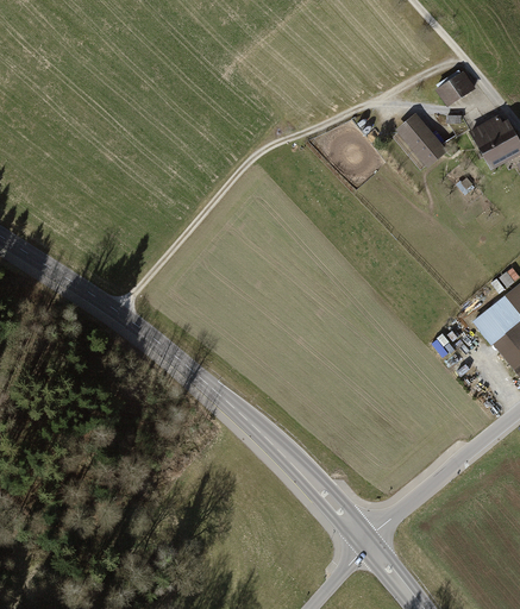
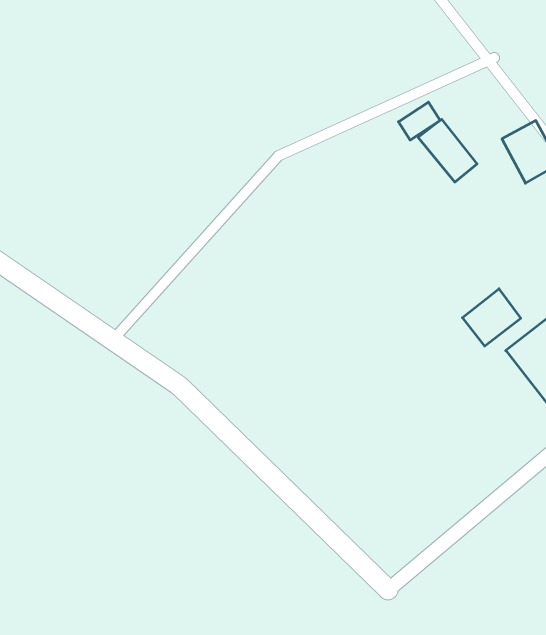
building: [437,68,475,102] -> [398,102,440,140]
building: none -> [462,289,521,346]

